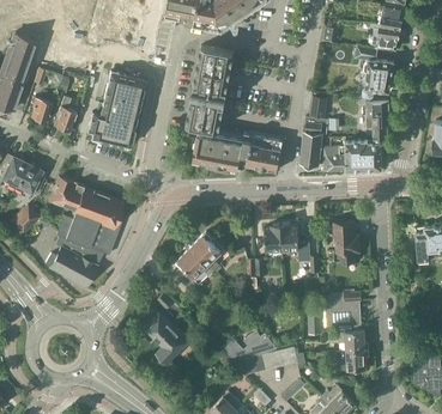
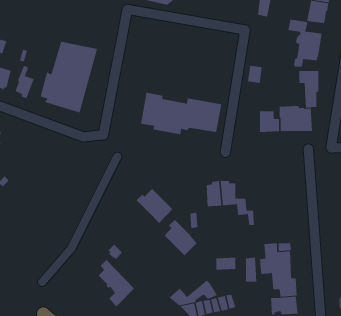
building: [187,47,234,130] -> none
building: [299,117,322,166] -> none
building: [46,176,127,287] -> none
building: [328,220,361,262] -> none
building: [176,245,213,286] -> [164,219,198,256]

